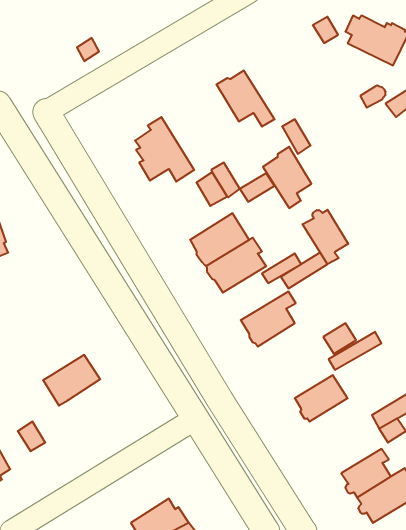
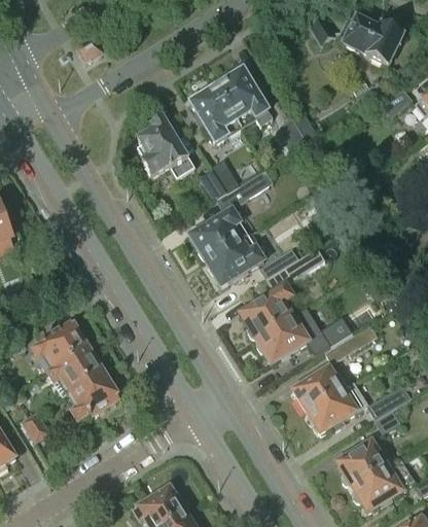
building: [263,147,311,208] -> [190,82,238,142]
building: [303,210,348,264] -> none
building: none -> [256,315,317,363]
building: none -> [33,319,87,365]
building: none -> [71,370,119,419]
building: none -> [307,381,368,433]

